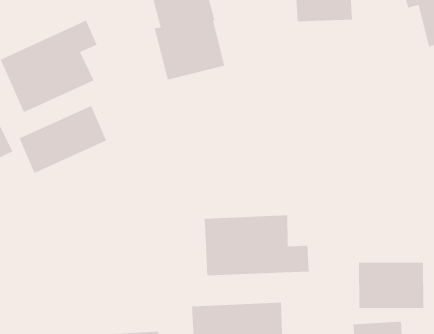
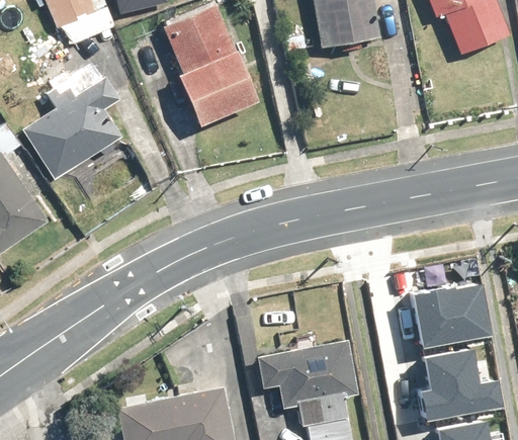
building: [19,105,107,174] -> none
building: [204,214,309,276] -> none

